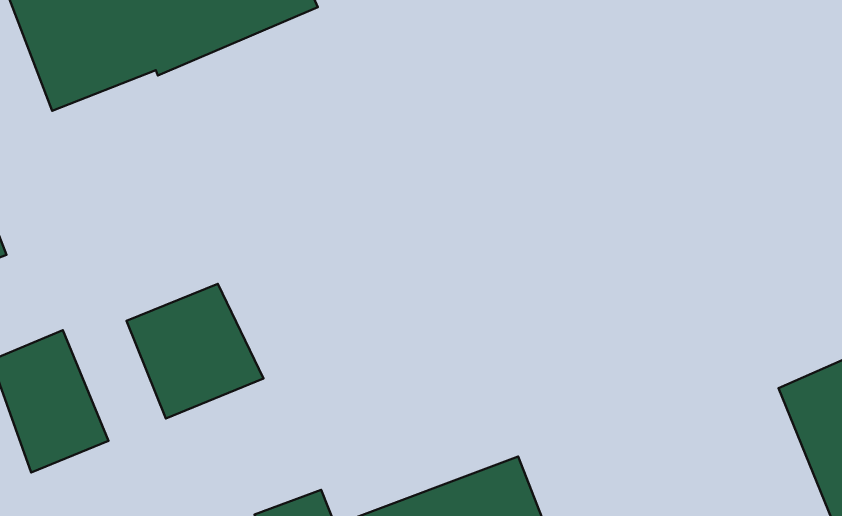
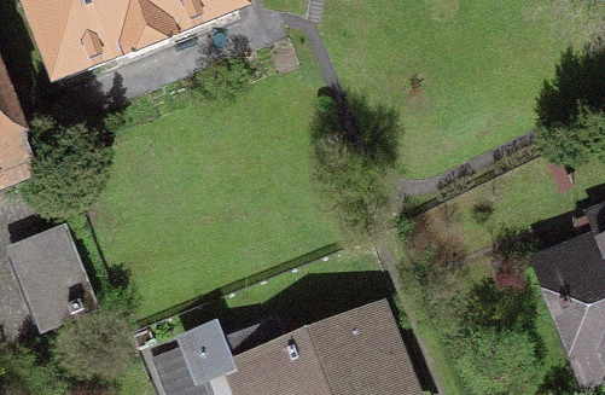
building: [126,284,263,418] -> none

